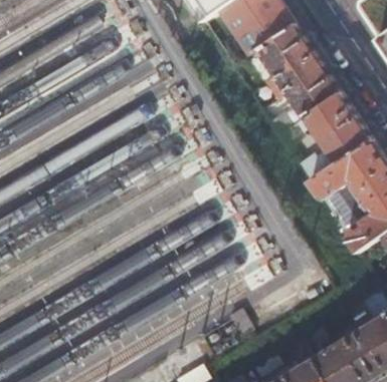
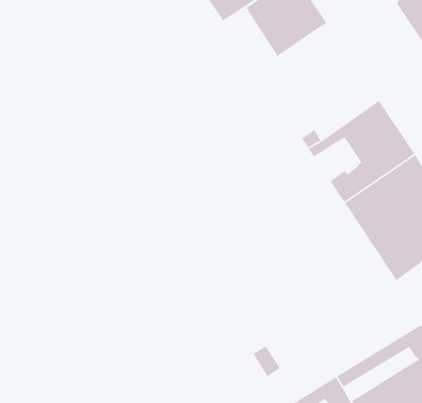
building: [257,23,342,118] -> none

